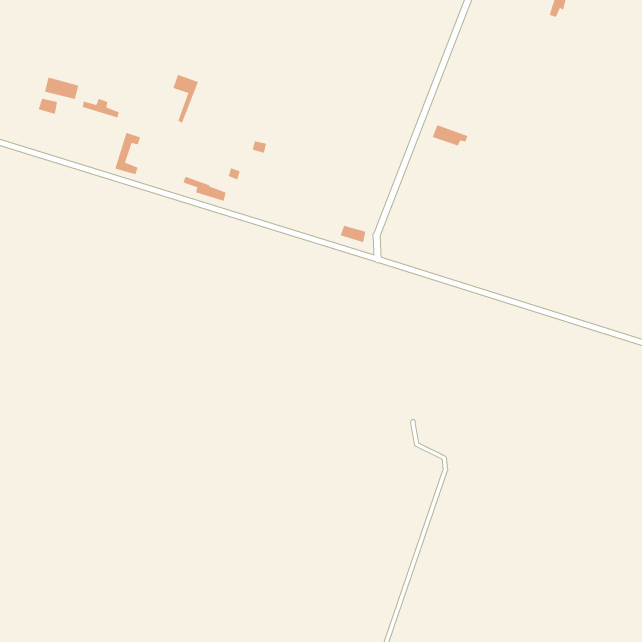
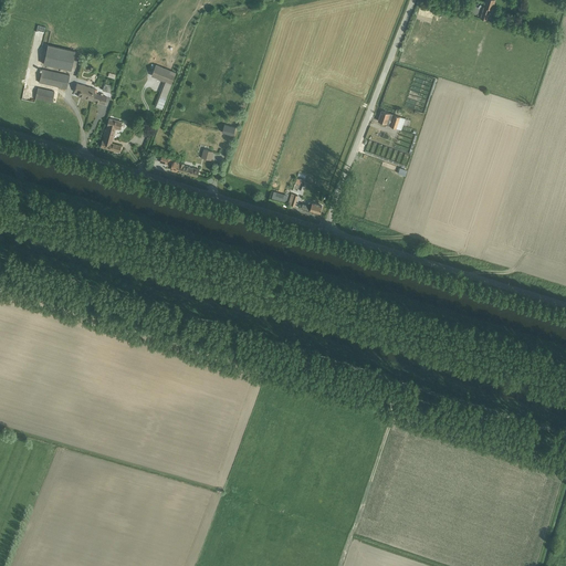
building: none -> [42,46,74,72]

